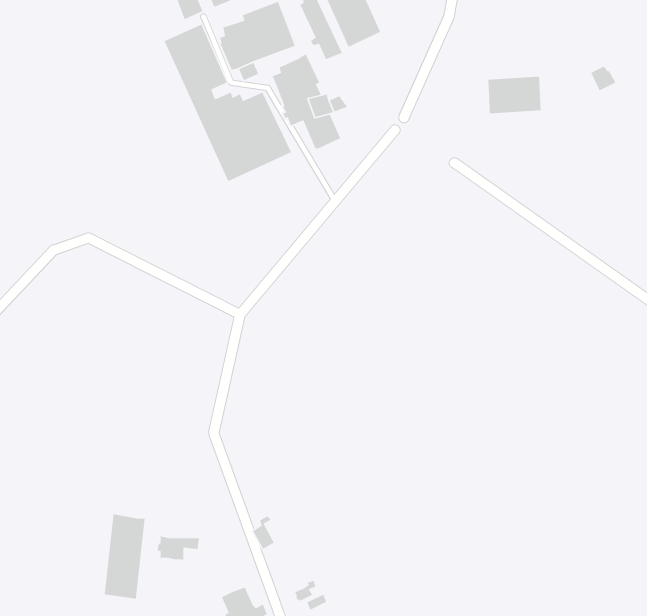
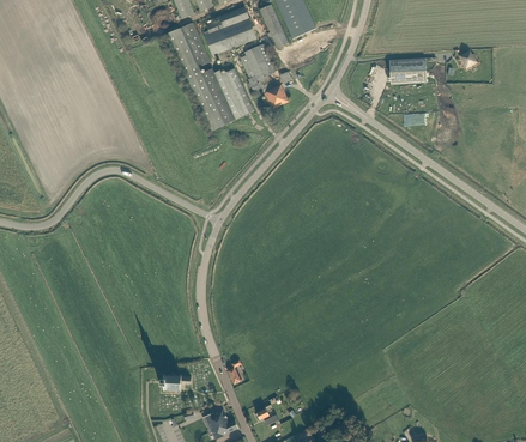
building: [104,514,145,599] -> none

